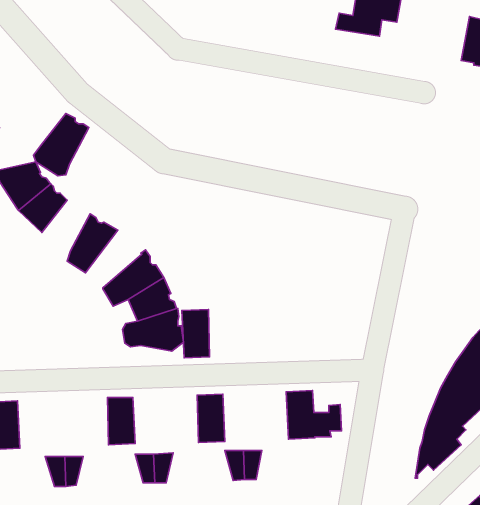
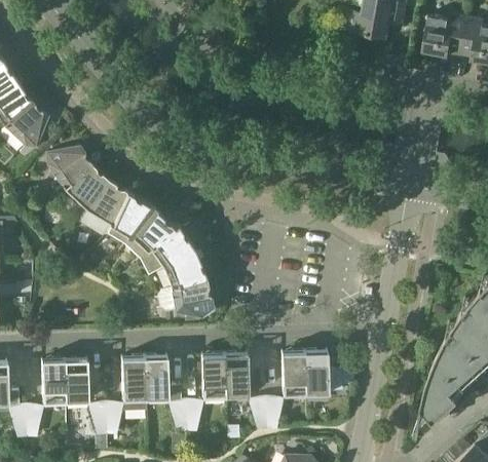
building: none -> [423,15,467,56]
building: [34,113,89,176] -> [80,181,129,236]
building: none -> [125,207,176,259]
building: [182,309,210,358] -> [201,354,226,397]
building: none -> [281,351,306,394]
building: none -> [121,356,146,399]
building: none -> [65,358,89,401]

